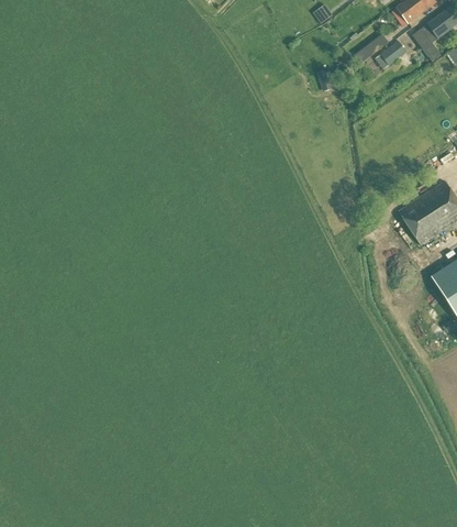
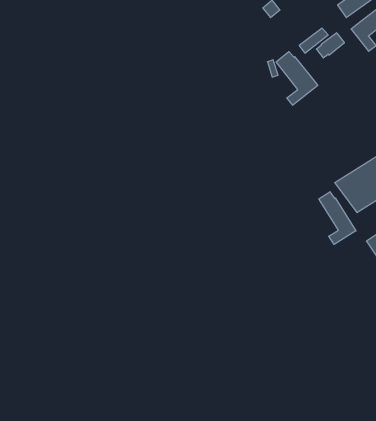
building: none -> [276,52,318,105]
building: none -> [319,192,356,244]

